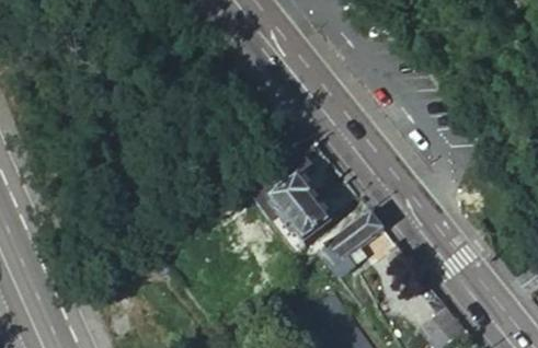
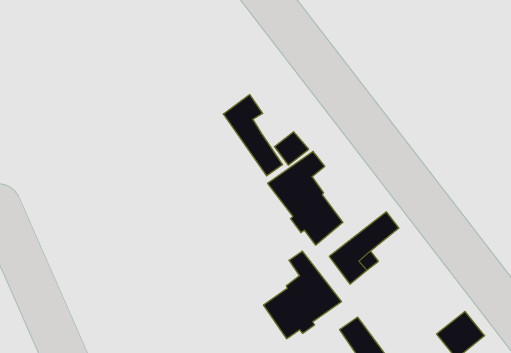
building: none -> [223,95,283,176]
building: none -> [264,251,341,339]

